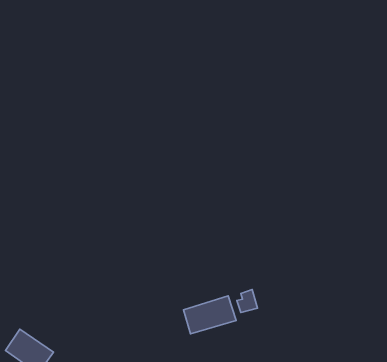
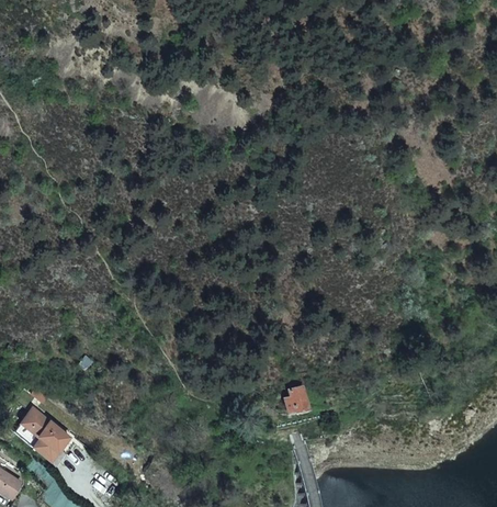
building: [184,296,236,334] -> none

